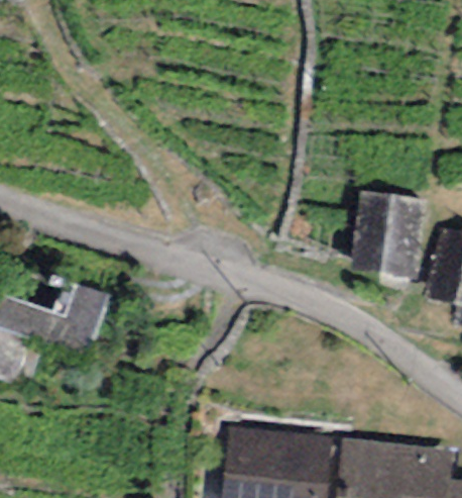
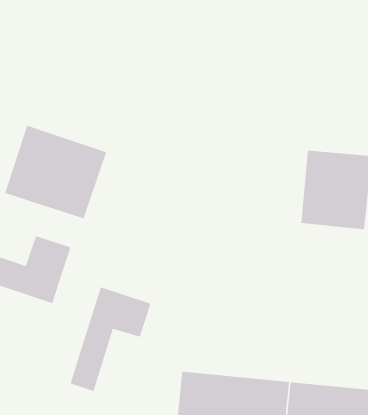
building: none -> [5,125,107,219]
building: none -> [70,287,151,392]

